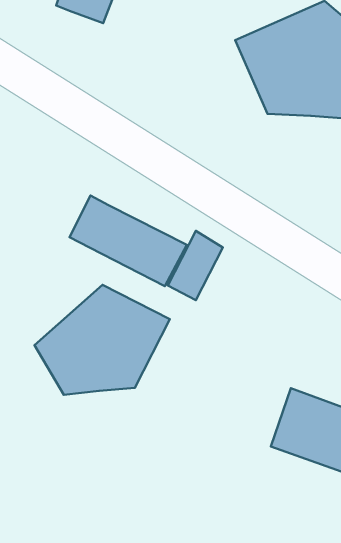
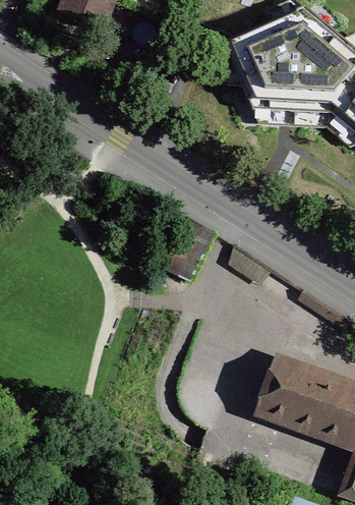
building: [70,196,187,286] -> none
building: [34,285,170,395] -> none

